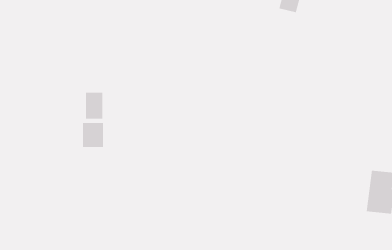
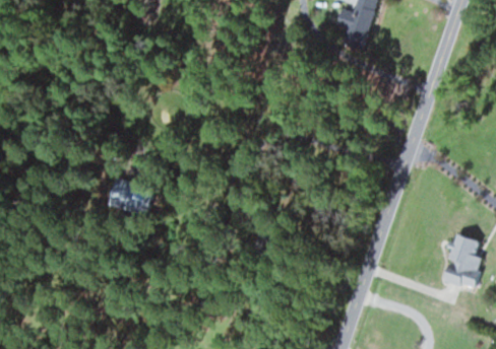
building: [86,92,103,120] -> none

